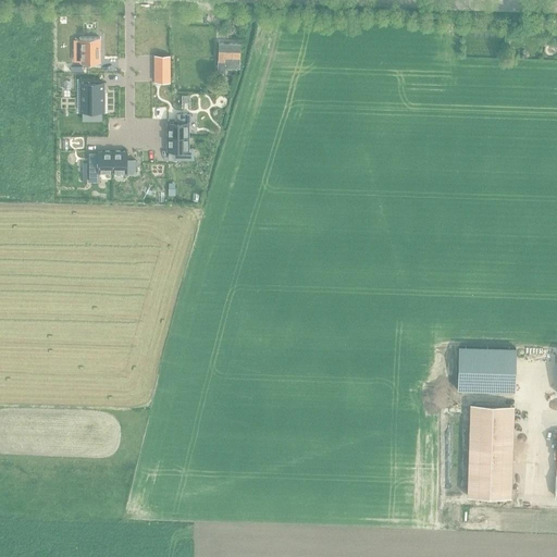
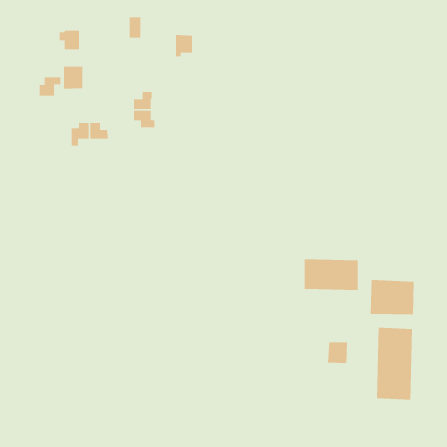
building: [153,58,169,85] -> [129,16,141,38]
building: none -> [39,76,61,96]
building: none -> [304,259,359,291]
building: none -> [327,341,348,364]

